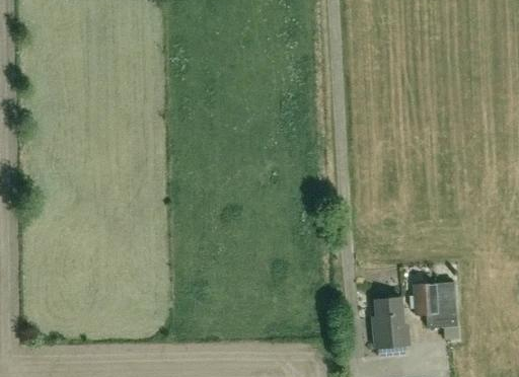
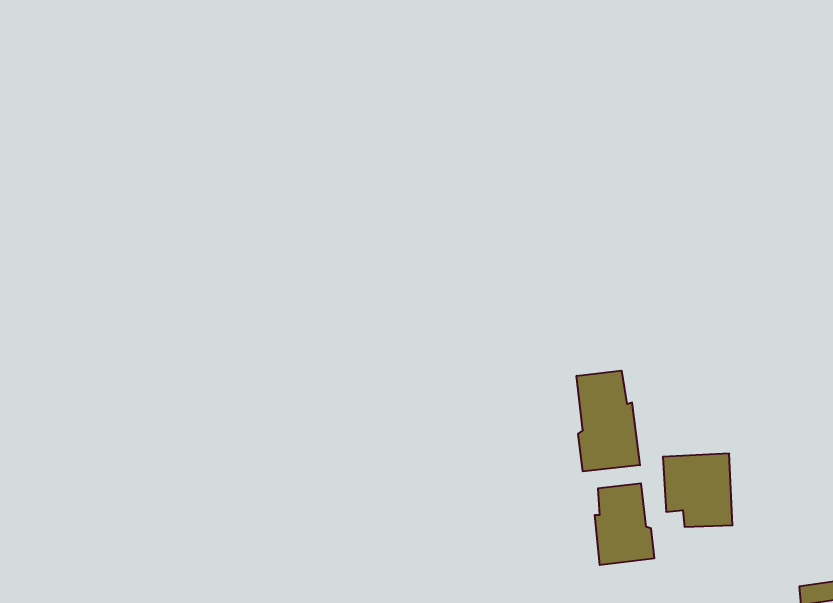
building: none -> [577,371,640,471]

